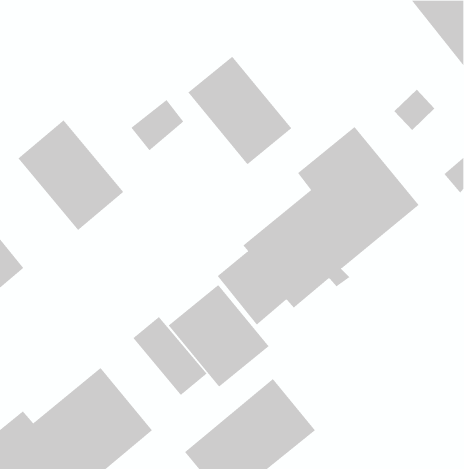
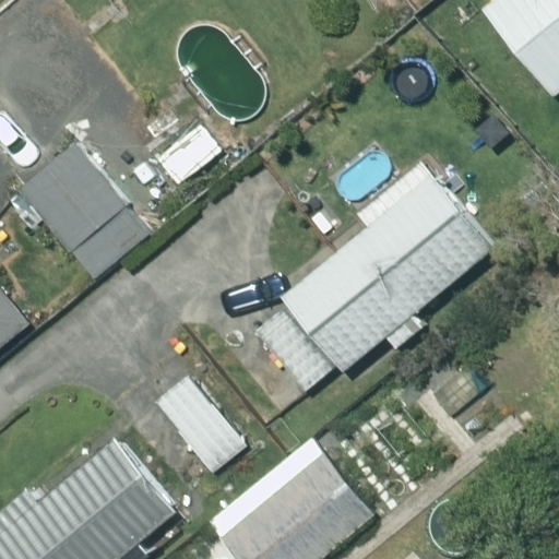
building: [188,56,292,165] -> none
building: [168,284,269,387] -> none

